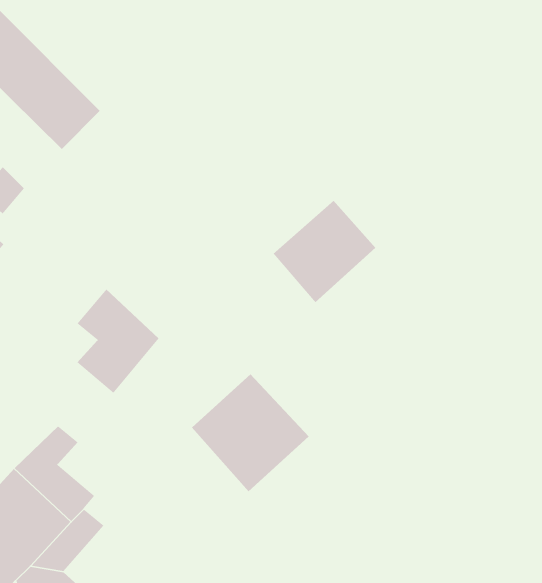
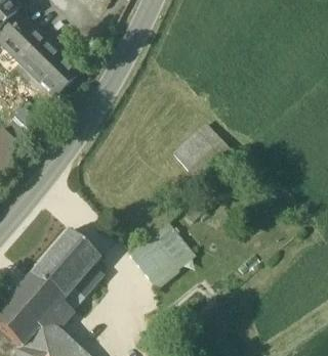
building: [76,288,160,394] -> [55,228,101,286]

